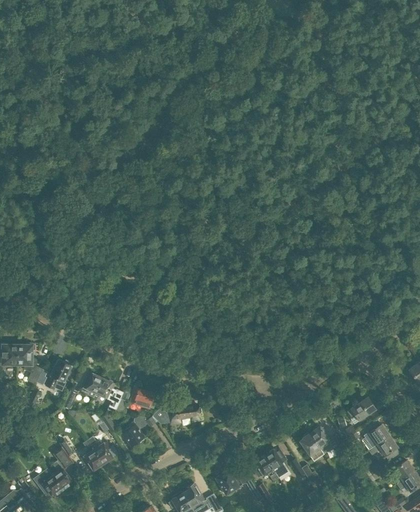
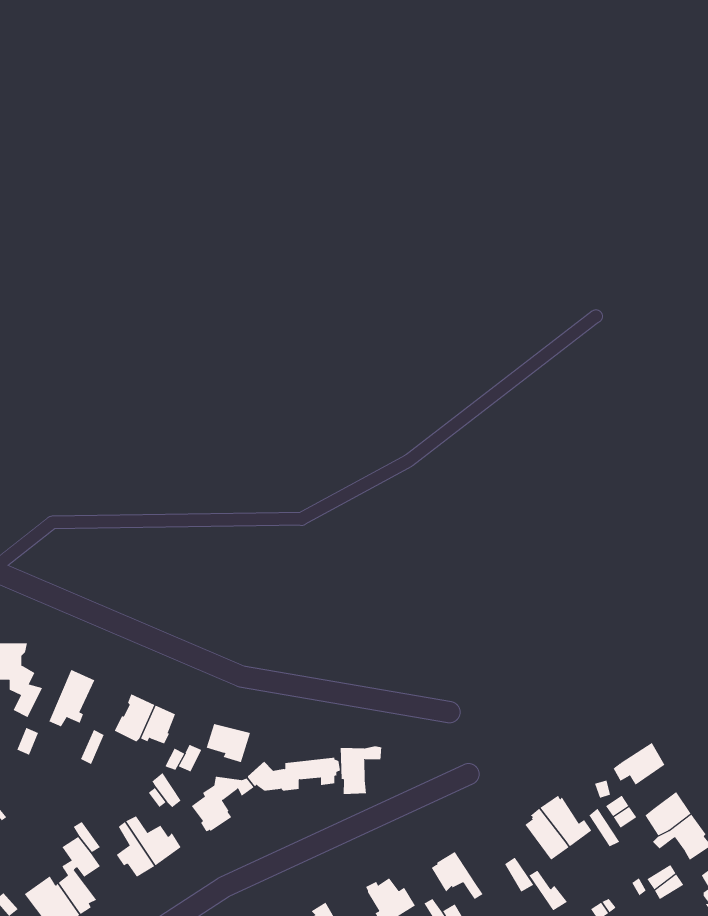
building: none -> [340,745,382,795]
building: [263,447,286,479] -> none

